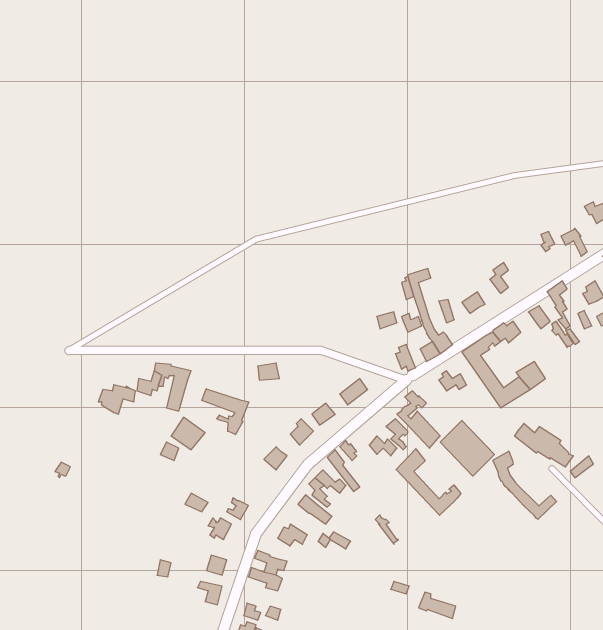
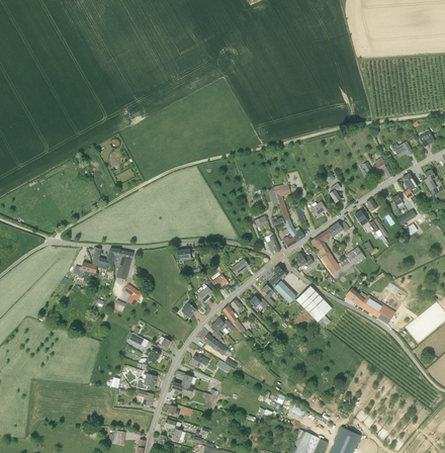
building: [202,389,249,435] -> none
building: [396,449,461,515] -> none
building: [493,451,557,519] -> none

